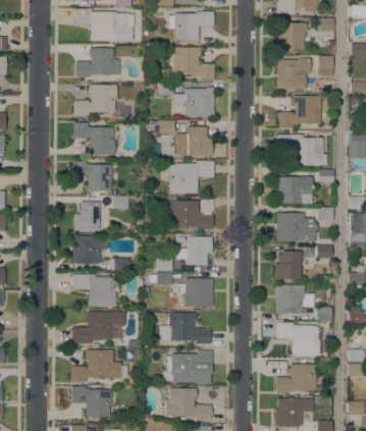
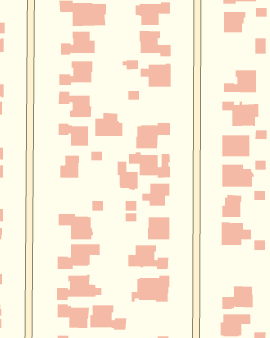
building: [276,58,310,93] -> none
building: [176,126,212,156] -> [94,113,123,136]
building: none -> [117,161,138,191]
building: [72,235,108,264] -> none
building: [275,323,322,355] -> none
building: [165,388,212,420] -> [89,305,127,330]

